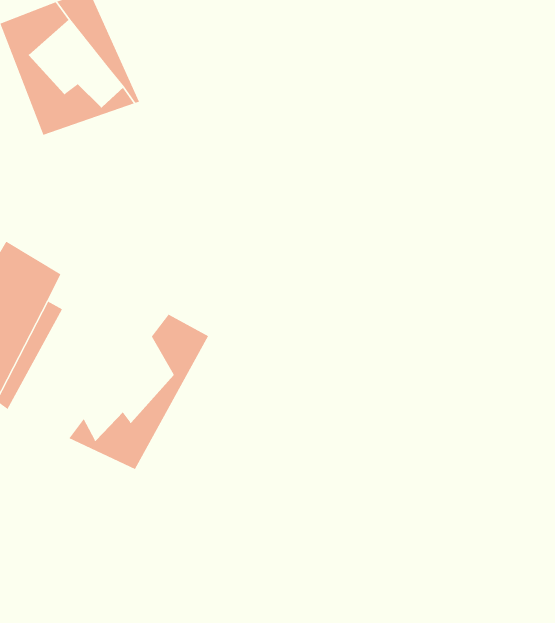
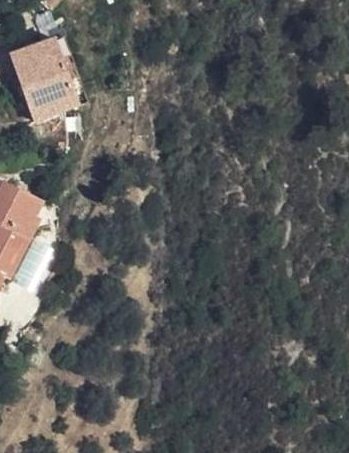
building: none -> [22,51,78,103]
building: [68,314,209,470] -> none

